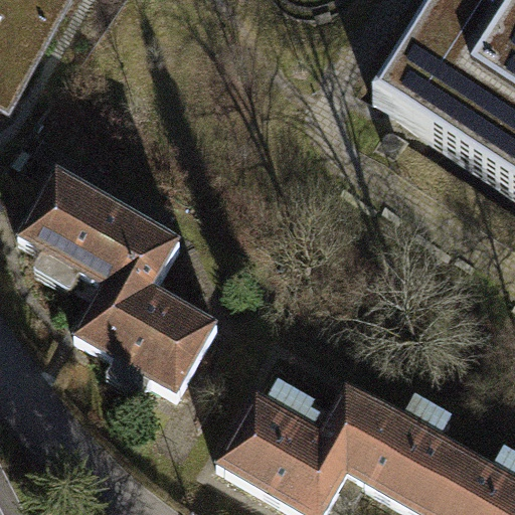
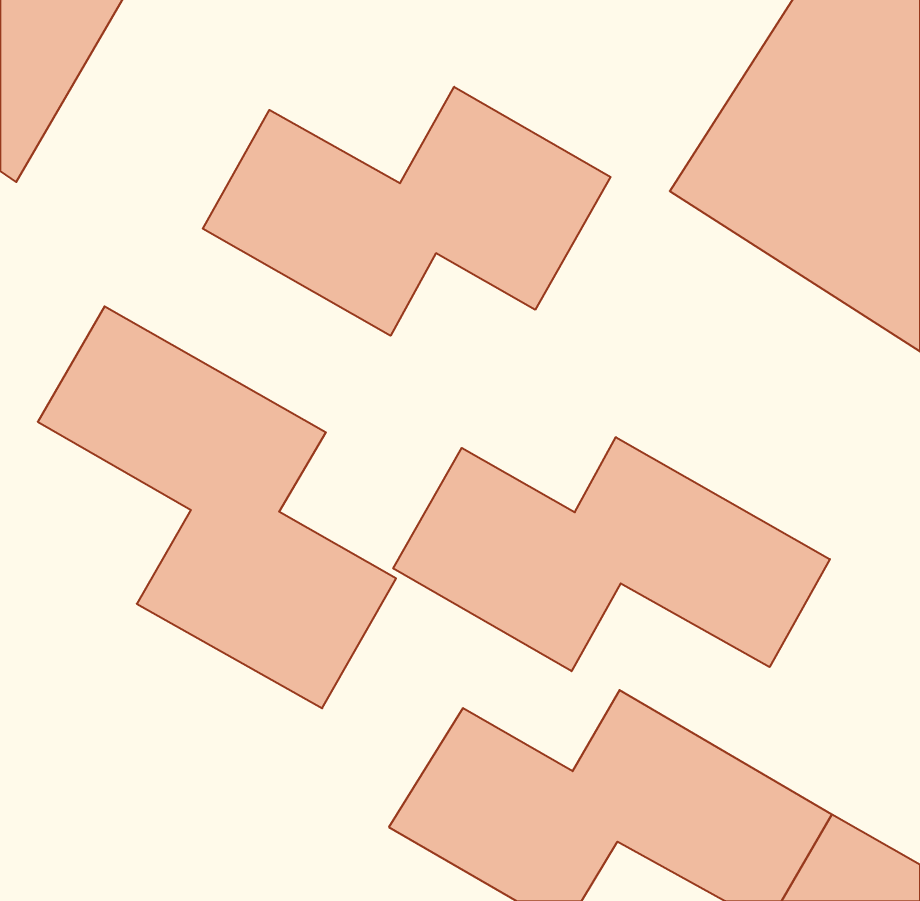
building: none -> [203,87,611,336]
building: none -> [393,437,830,671]

